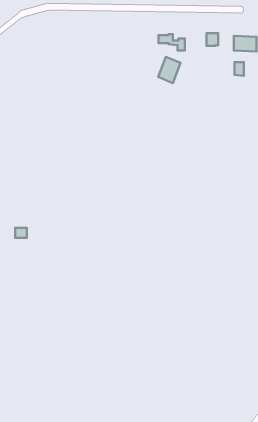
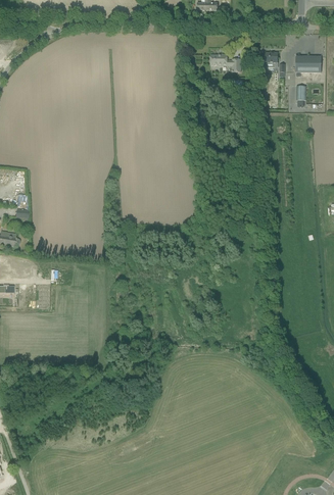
building: [158,57,180,83] -> none

